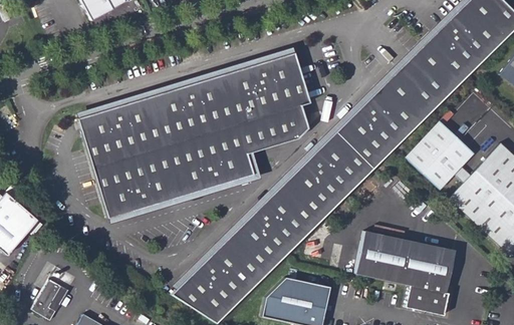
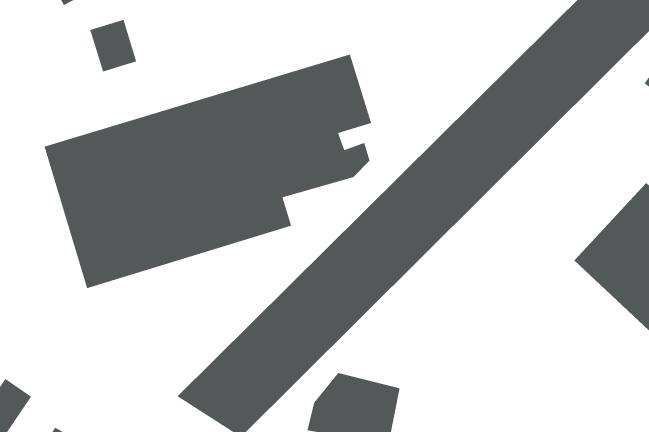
building: none -> [89,19,137,73]
building: [406,122,472,188] -> none
building: [360,227,459,312] -> none

